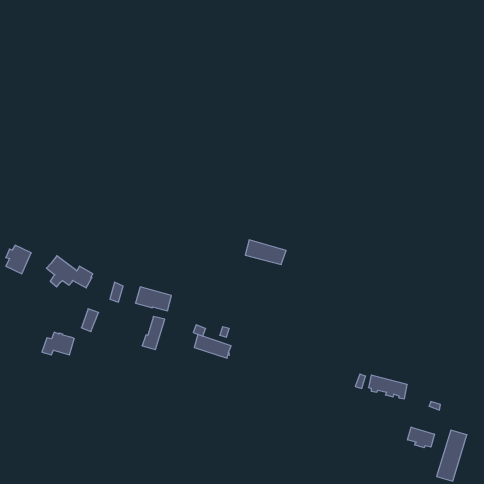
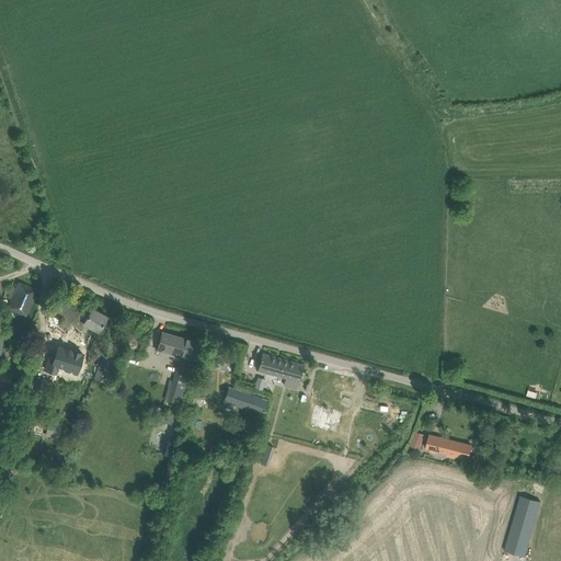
building: [245,240,286,265] -> [257,353,305,381]
building: [42,332,74,355] -> [45,346,82,373]
building: [408,427,434,448] -> none

